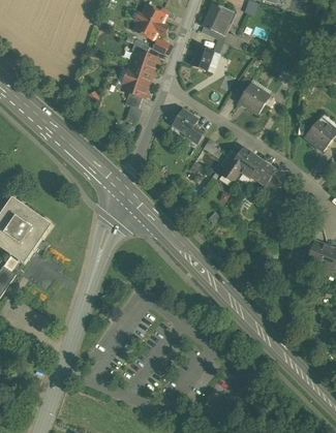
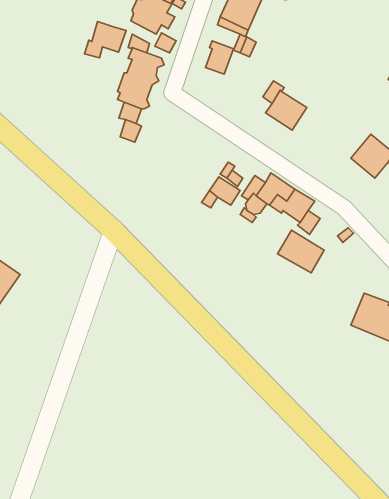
building: none -> [85,22,126,58]
building: [173,110,202,143] -> none
building: none -> [277,230,324,273]

